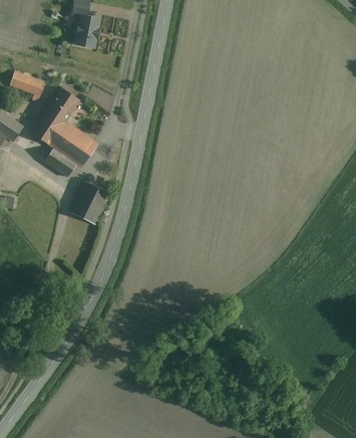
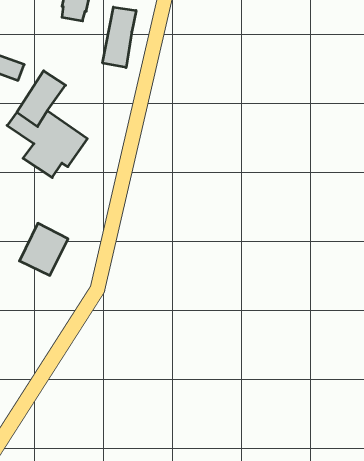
building: none -> [103,7,136,68]
building: [70,181,110,224] -> [19,223,68,275]

